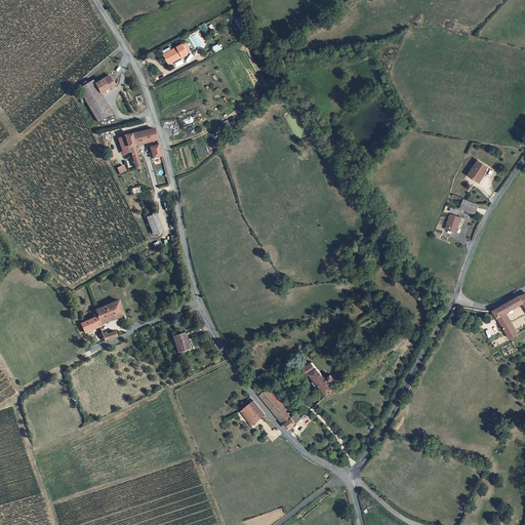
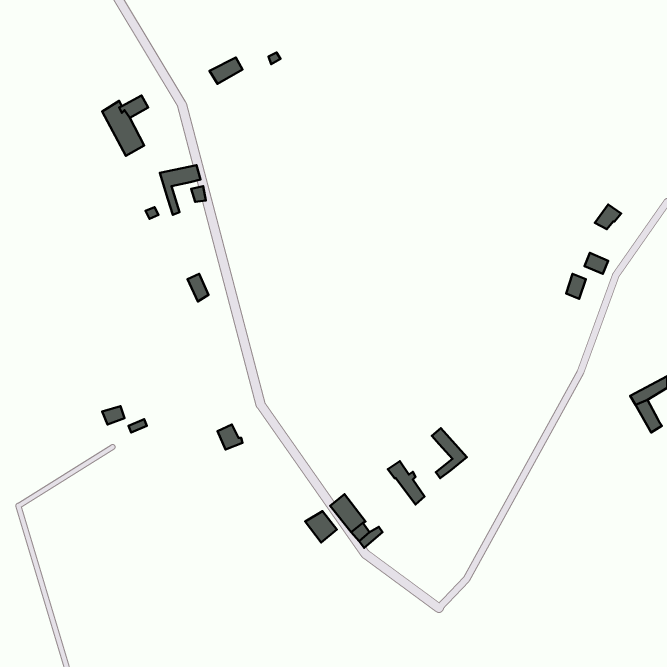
building: [93,299,121,324] -> none
building: none -> [432,428,467,478]

